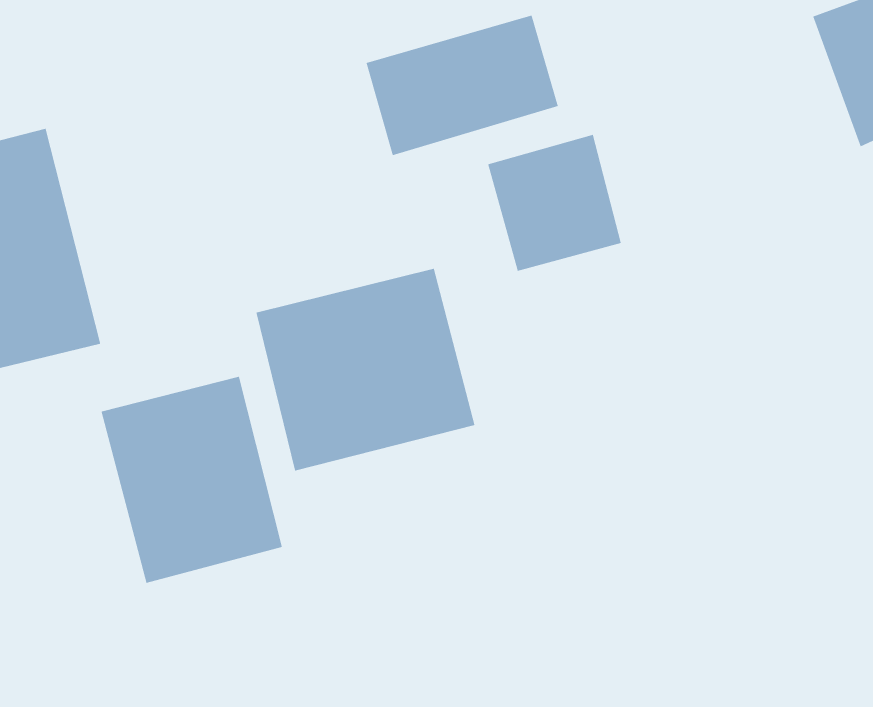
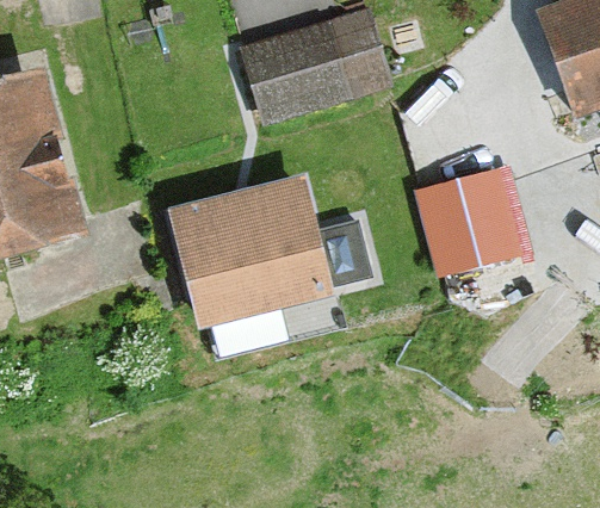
building: [487,134,622,272] -> [422,171,513,264]
building: [100,376,283,584] -> none

